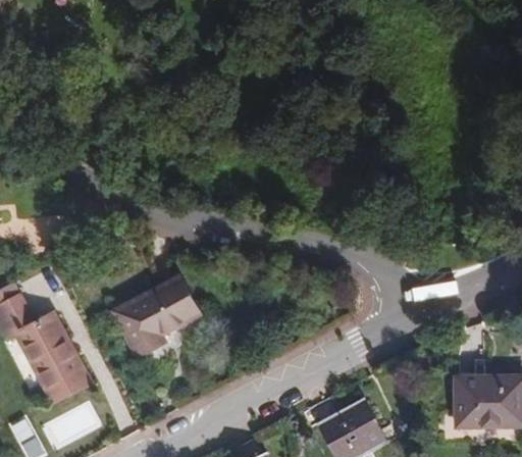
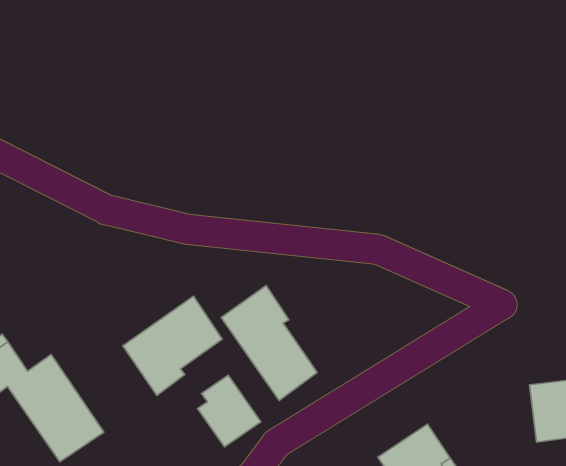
building: none -> [221,286,317,400]
building: none -> [198,375,261,447]

